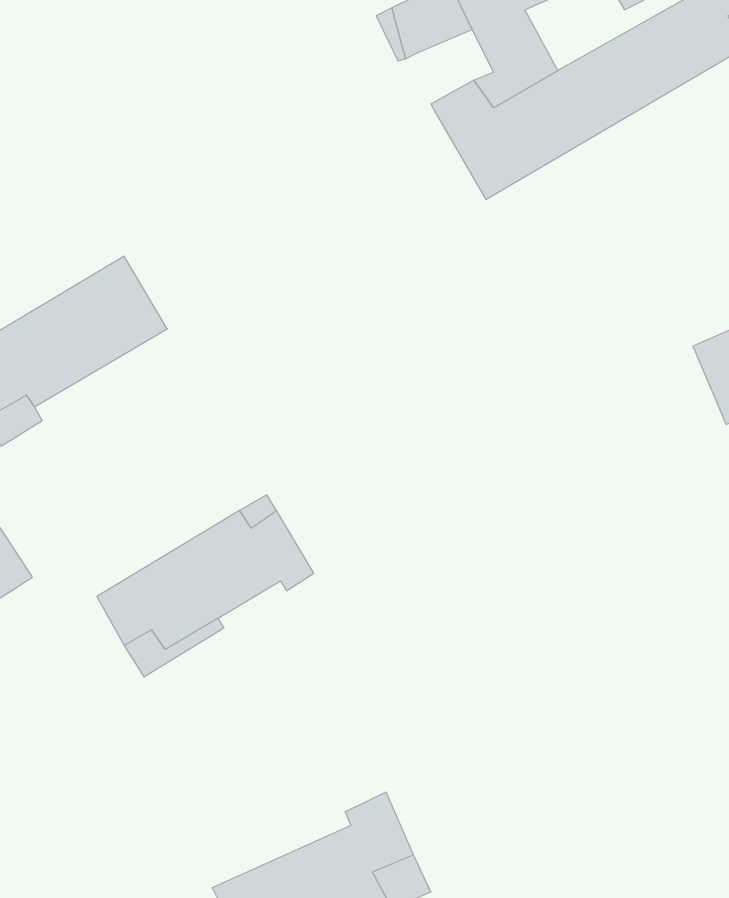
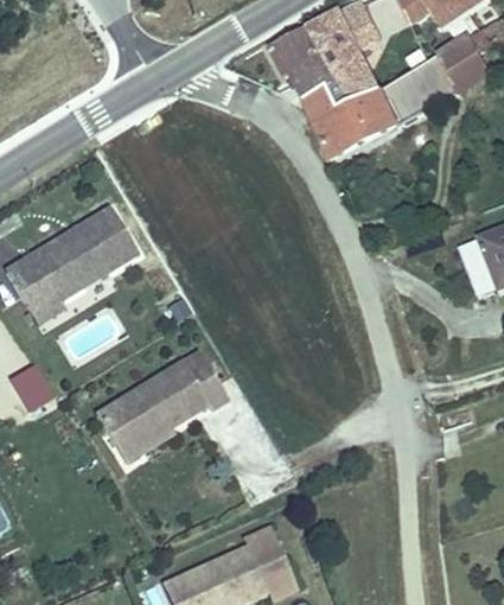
building: none -> [291,64,337,108]

